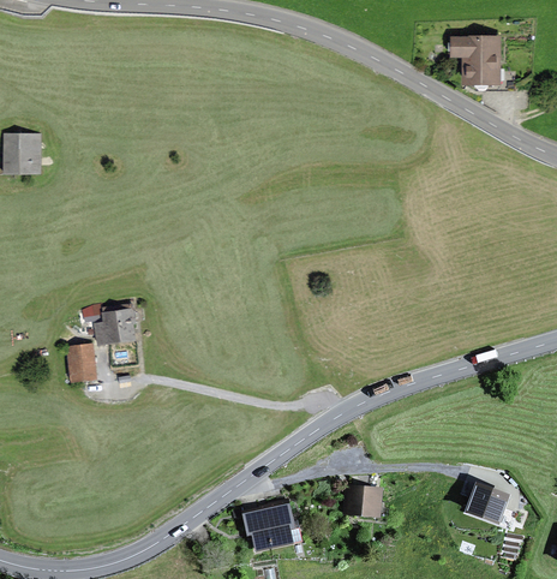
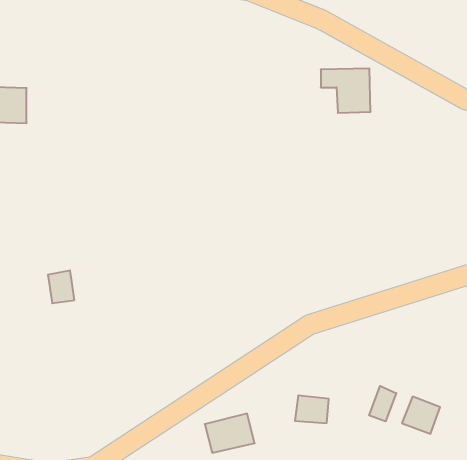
building: [448,40,504,90] -> [321,68,371,113]
building: [104,308,134,344] -> none
building: none -> [369,386,396,421]

